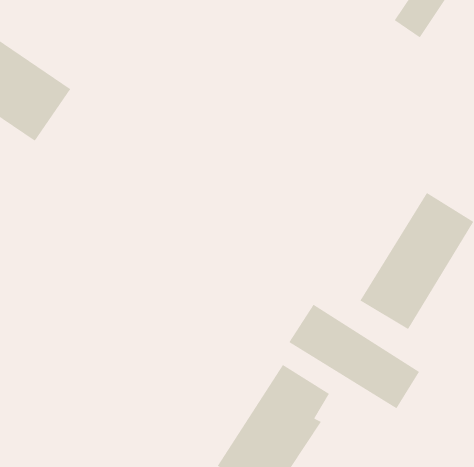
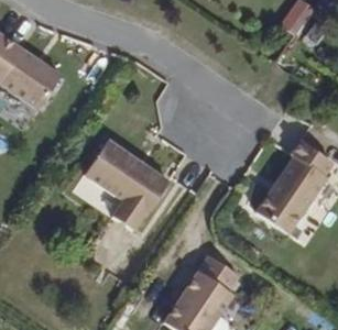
building: none -> [87,138,172,227]
building: [289,304,420,409] -> none

